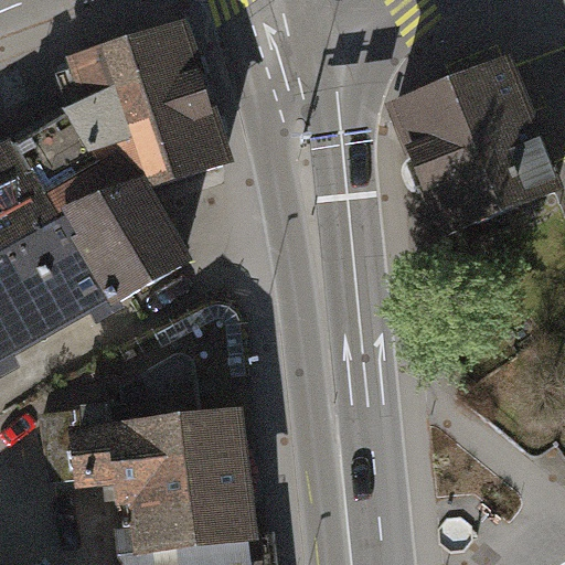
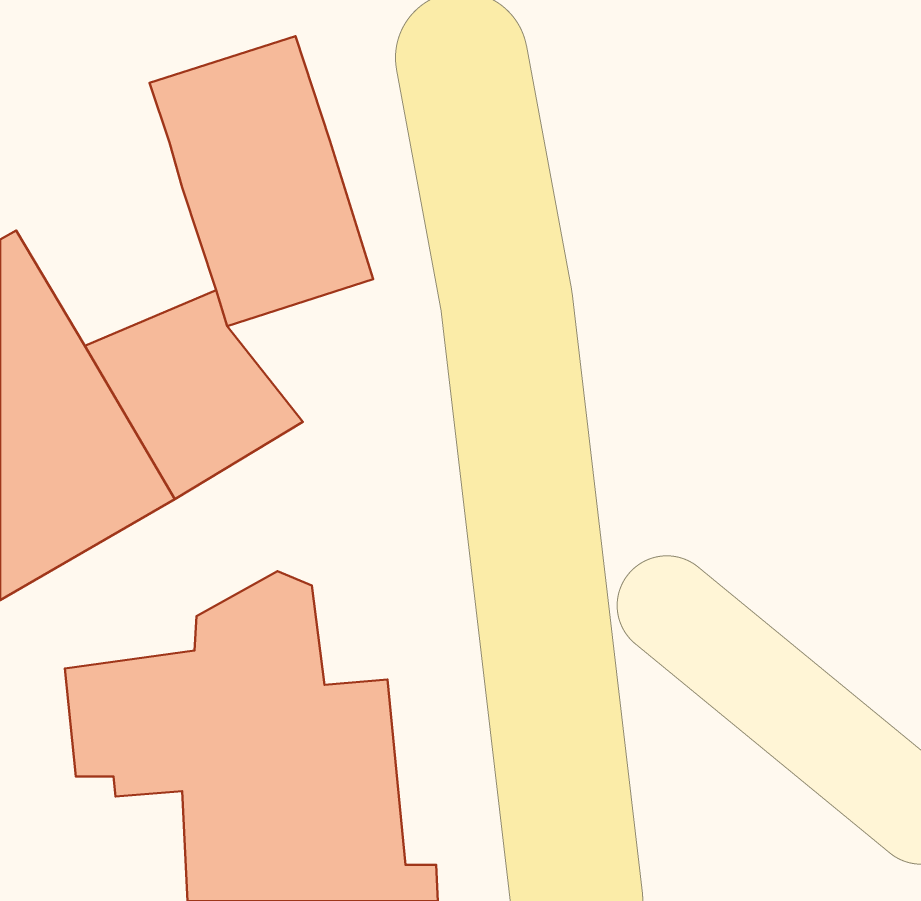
building: [392,56,556,227] -> none
building: [10,87,132,212] -> none

